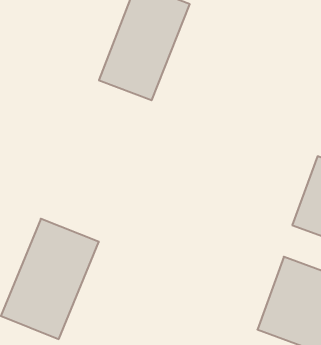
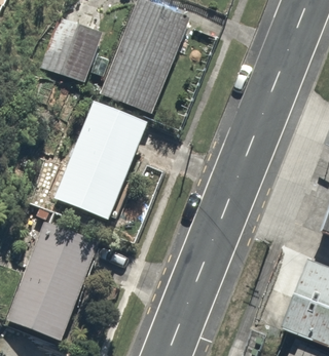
building: none -> [41,15,106,79]
building: none -> [56,100,150,215]

